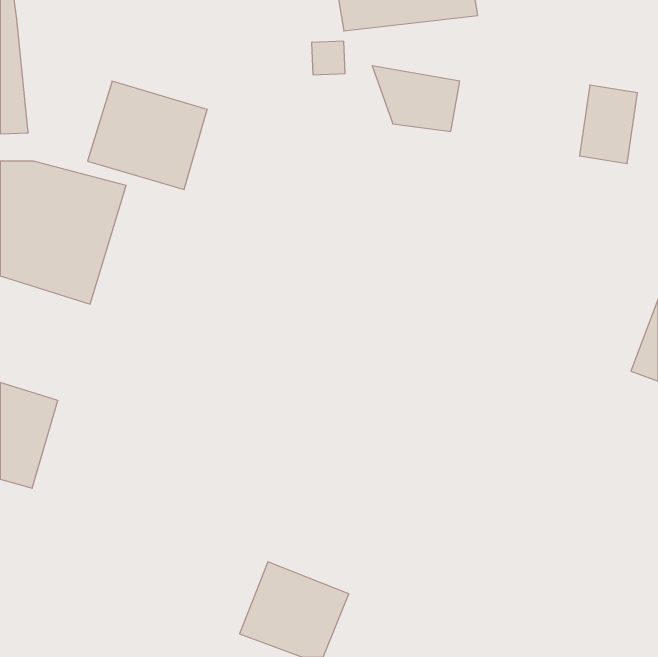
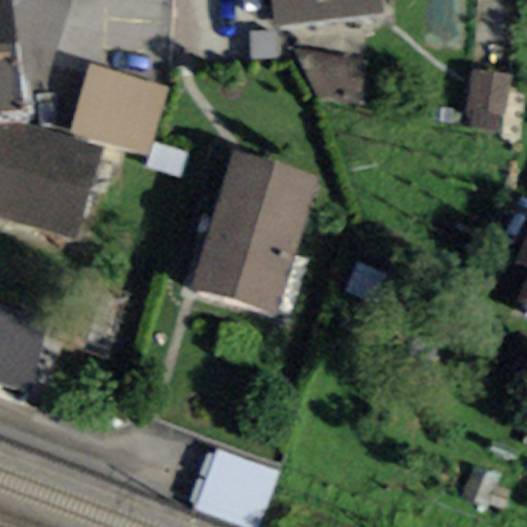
building: none -> [189,150,316,312]

